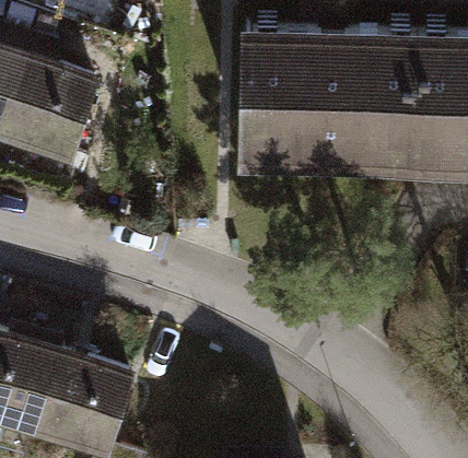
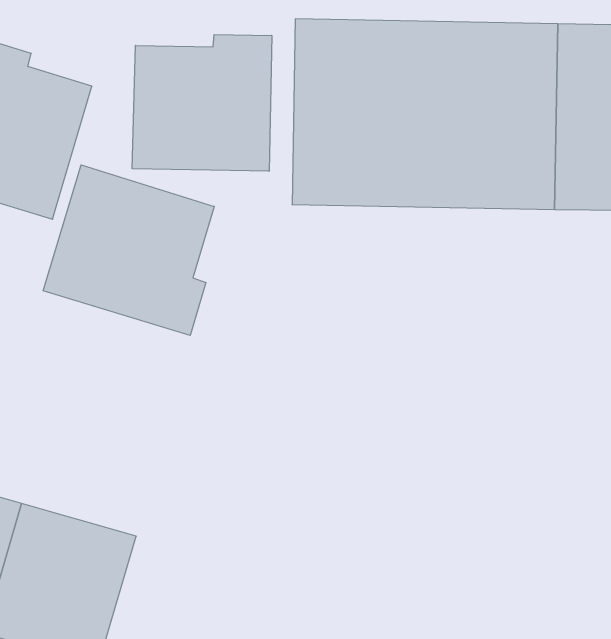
building: none -> [132,35,272,171]
building: none -> [43,165,214,335]

